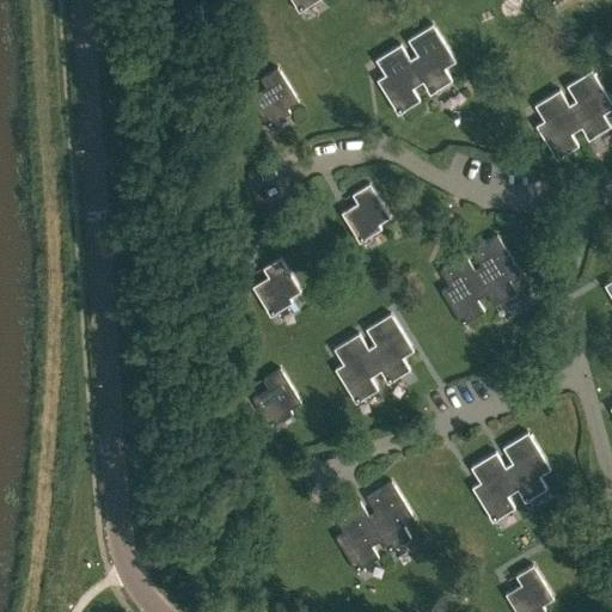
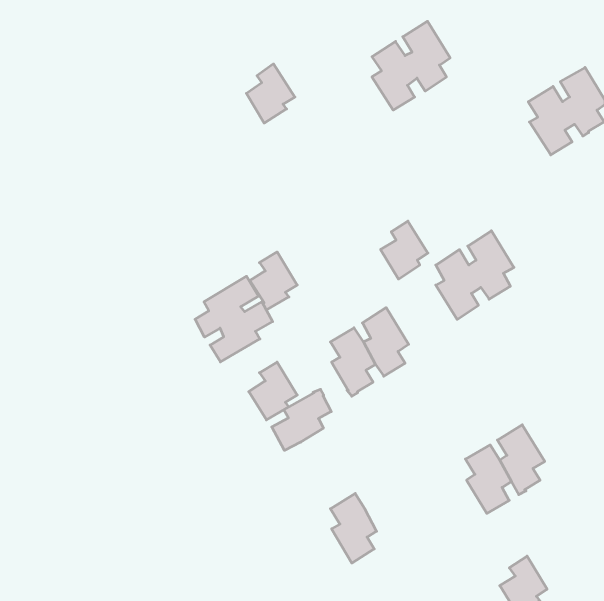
building: [342,185,390,244] -> [381,221,428,279]
building: none -> [195,276,273,362]
building: none -> [272,389,331,450]
building: [367,483,415,552] -> none

